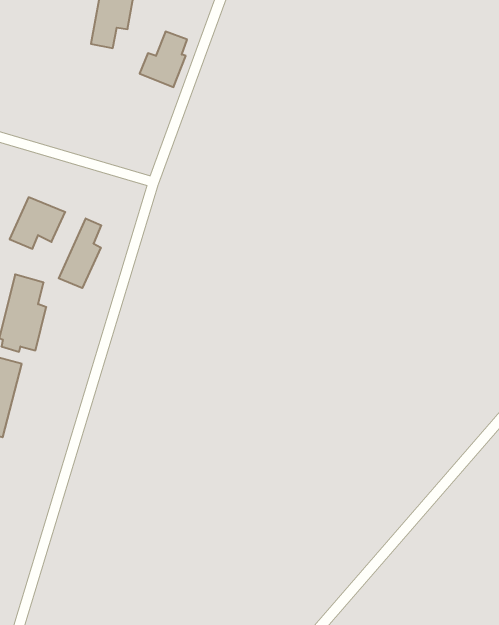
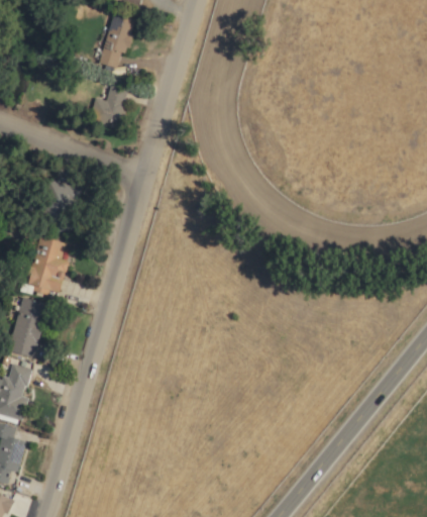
building: [140,32,187,87] -> [92,84,127,125]
building: [59,218,101,288] -> none

